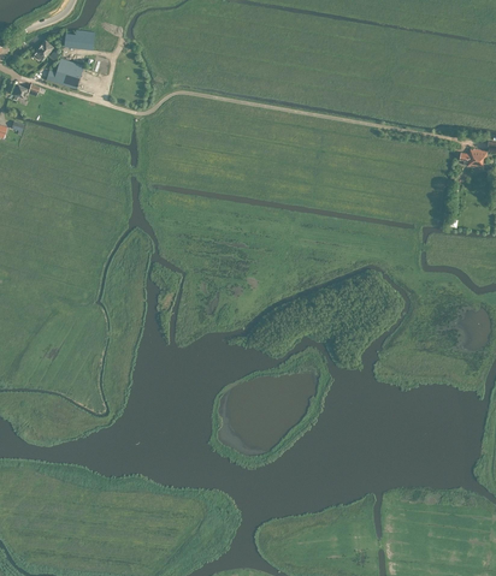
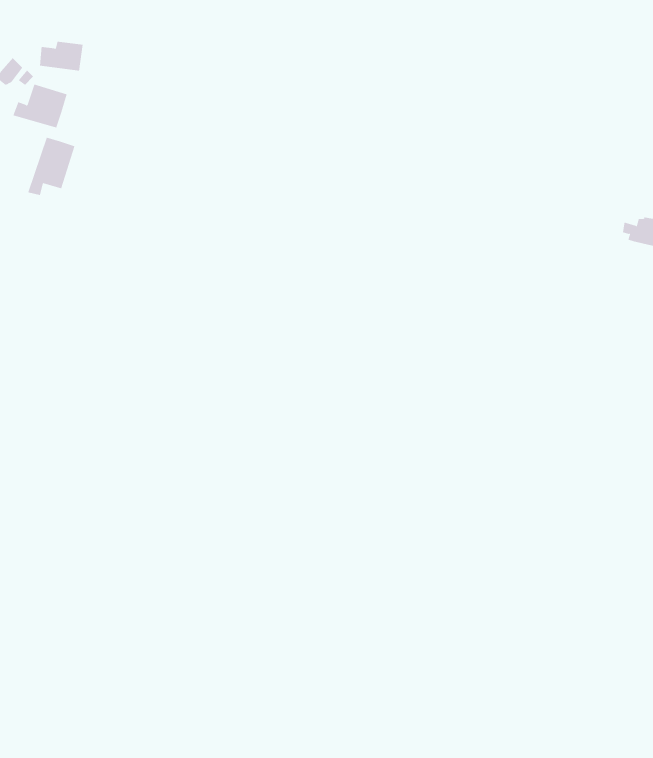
building: none -> [28,137,75,196]

